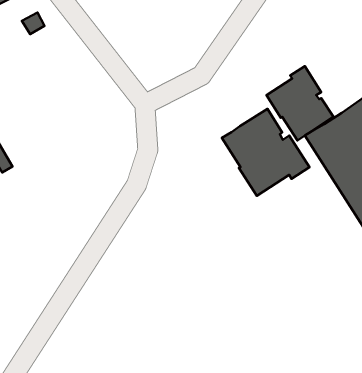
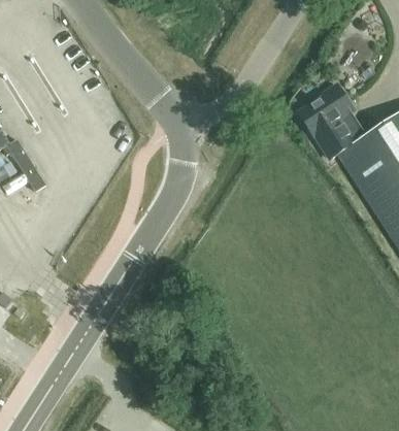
building: [222,109,310,196] -> none

